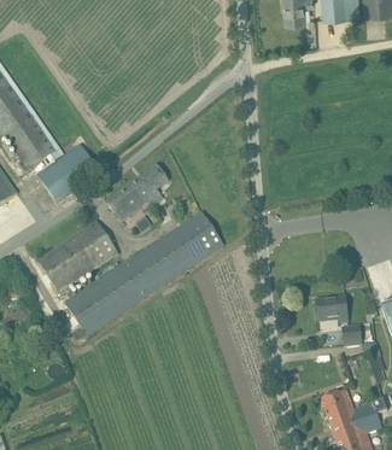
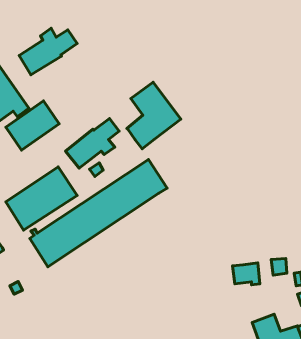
building: none -> [19,28,77,75]
building: none -> [127,82,181,149]
building: [315,297,346,322] -> [233,263,260,285]

